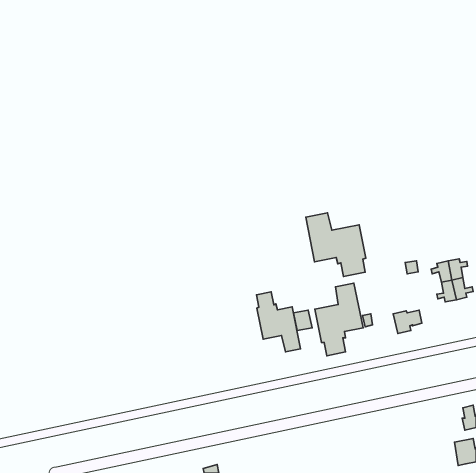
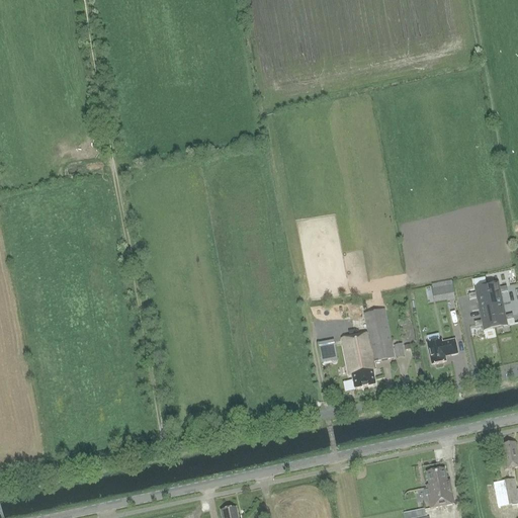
building: [306,213,366,277] -> none
building: [256,292,300,352] -> none
building: none -> [426,467,454,507]

